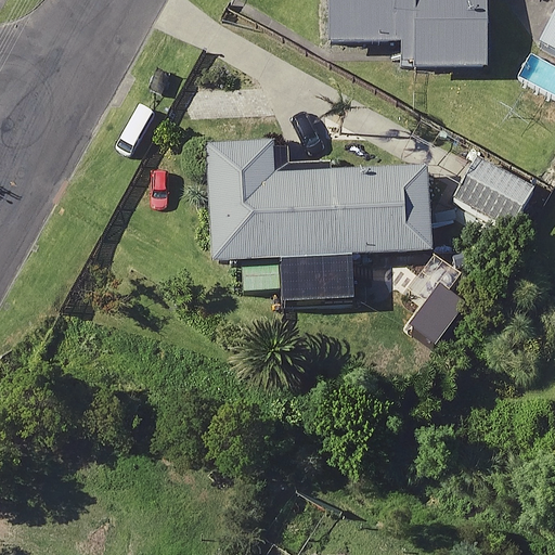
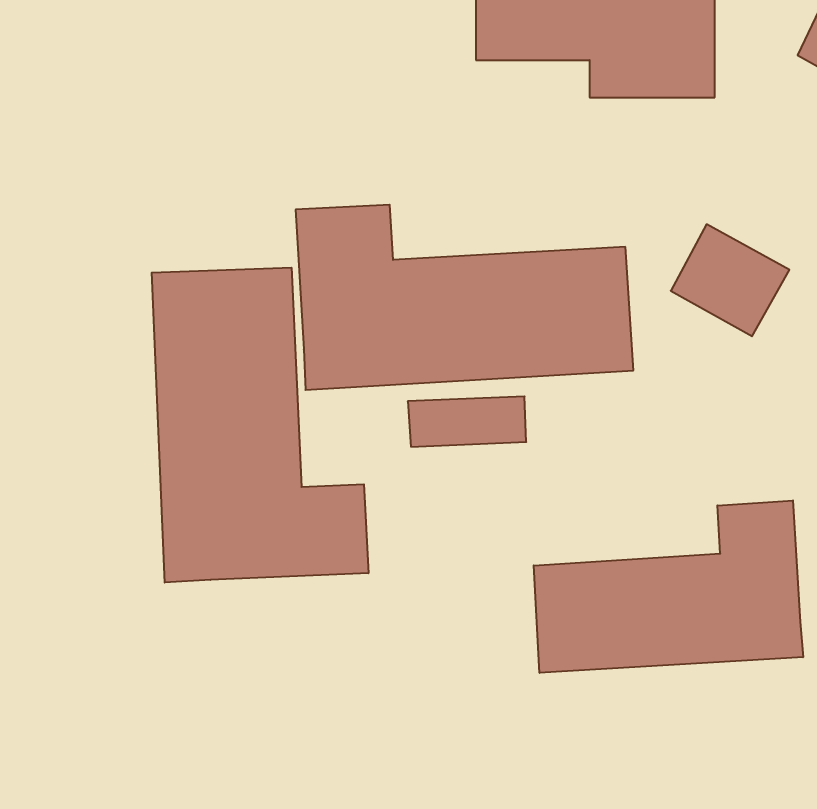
building: none -> [152,268,368,583]
building: none -> [534,500,803,673]

